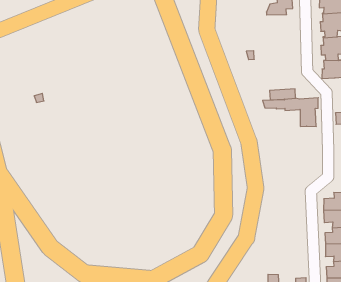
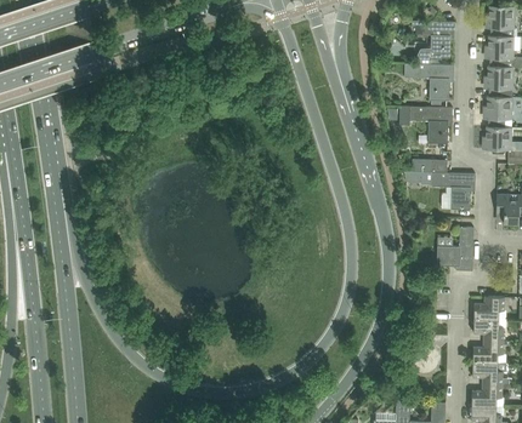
building: none -> [404,63,454,101]
building: none -> [399,105,453,143]
building: none -> [437,227,473,270]

